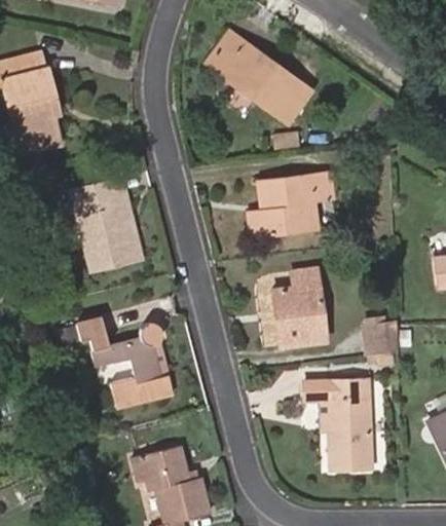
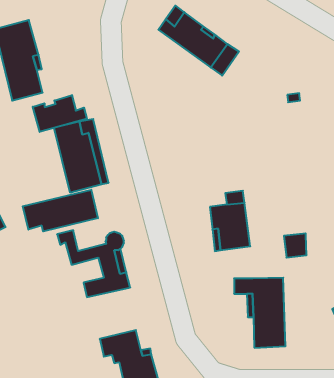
building: none -> [33,95,87,132]
building: [250,173,332,236] -> none
building: none -> [23,190,98,231]

